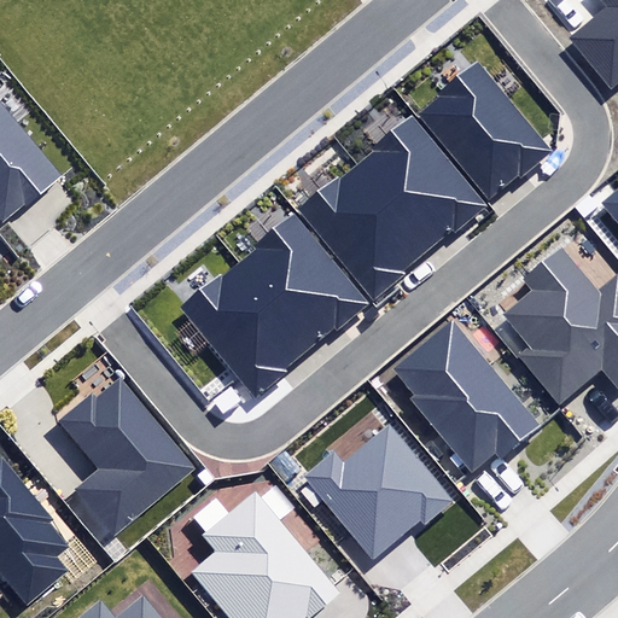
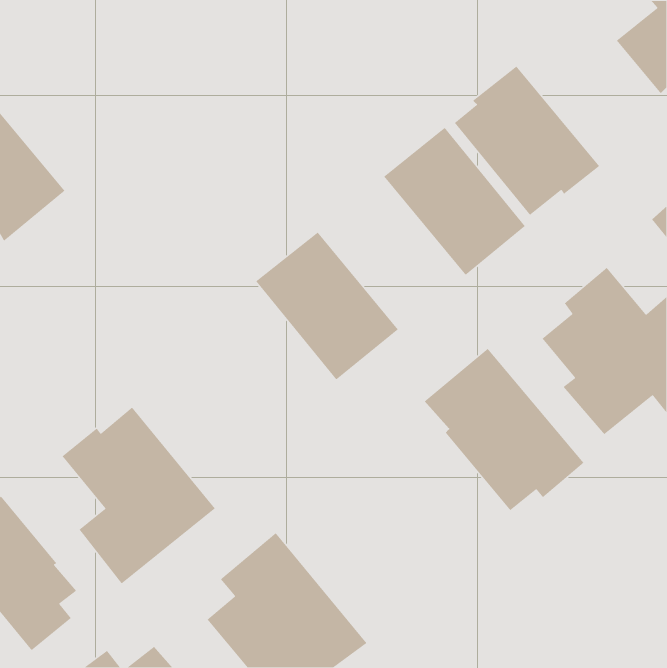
building: [298,163,430,301] -> none
building: [179,260,310,397] -> none
building: [302,425,450,560] -> none

